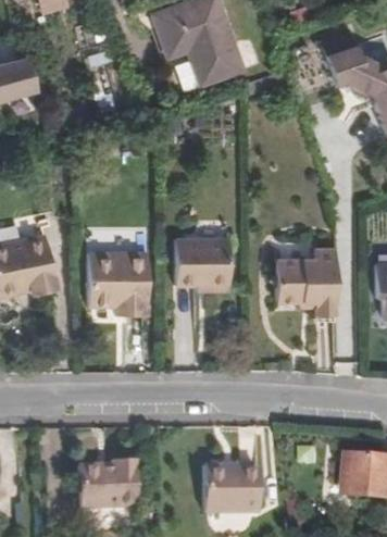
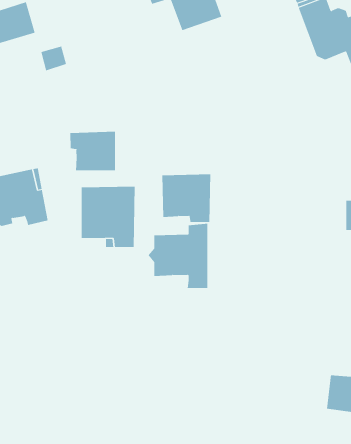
building: none -> [70,131,115,171]
building: [272,247,337,317] -> [147,223,208,289]
building: [75,462,133,510] -> none
building: [199,465,254,514] -> none

